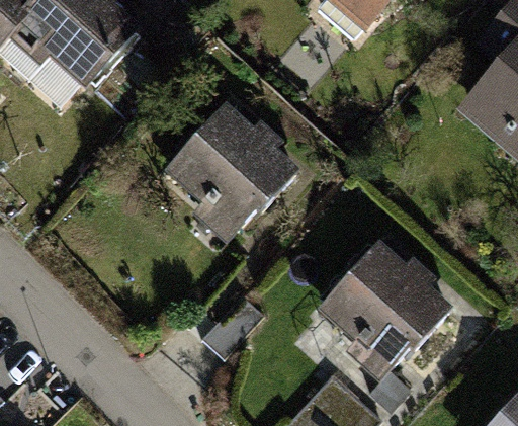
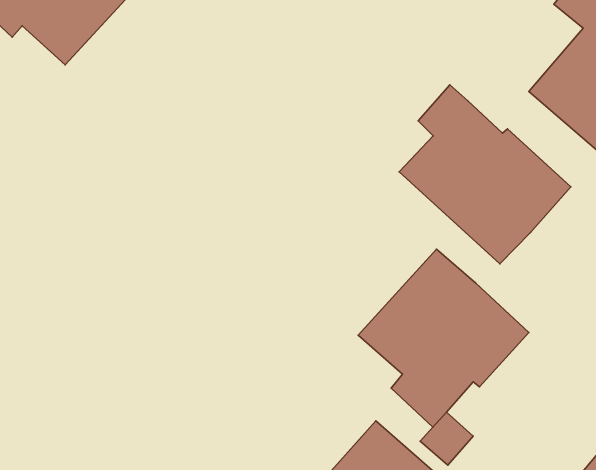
building: [159,105,294,241] -> none
building: none -> [399,85,571,264]

